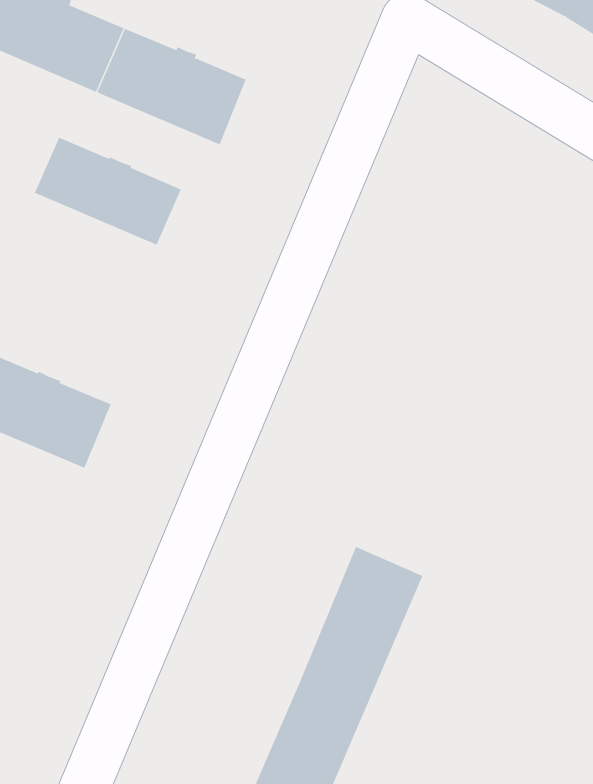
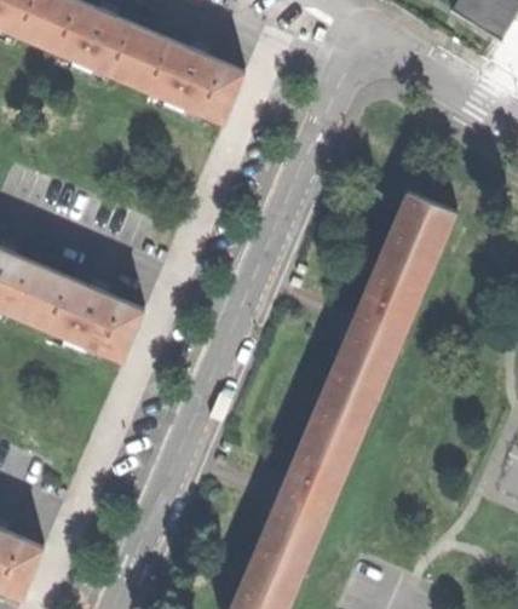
building: [34,137,181,245] -> none
building: none -> [313,186,454,433]

